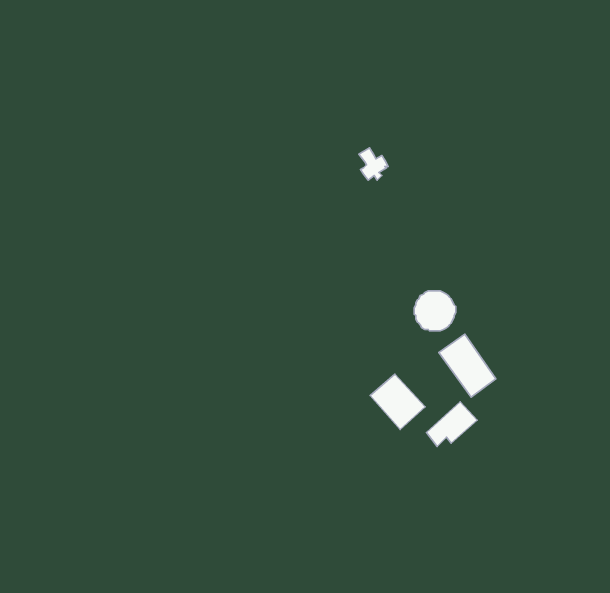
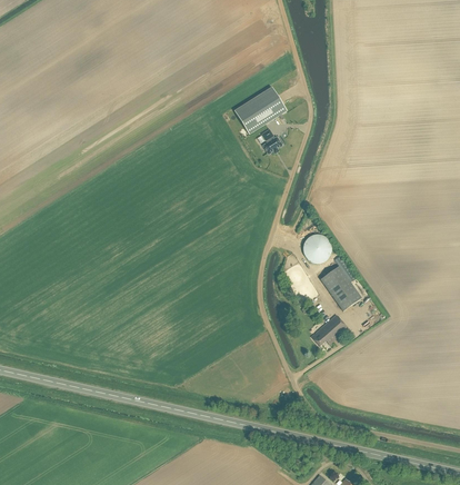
building: none -> [234,86,287,133]
building: [370,374,425,430] -> none

